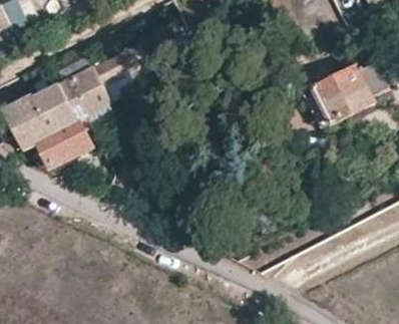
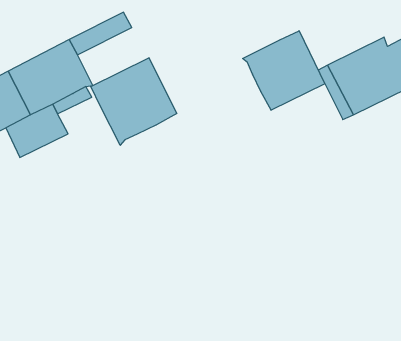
building: none -> [243,31,325,110]
building: none -> [91,58,177,145]

